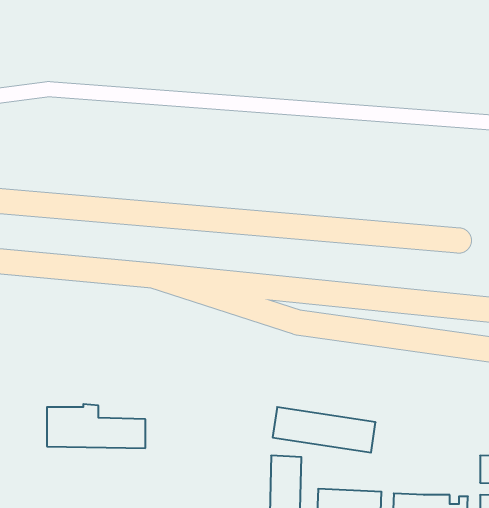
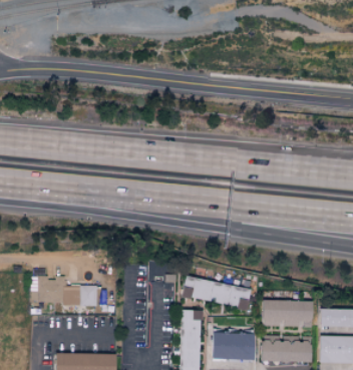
building: none -> [263,300,314,327]

